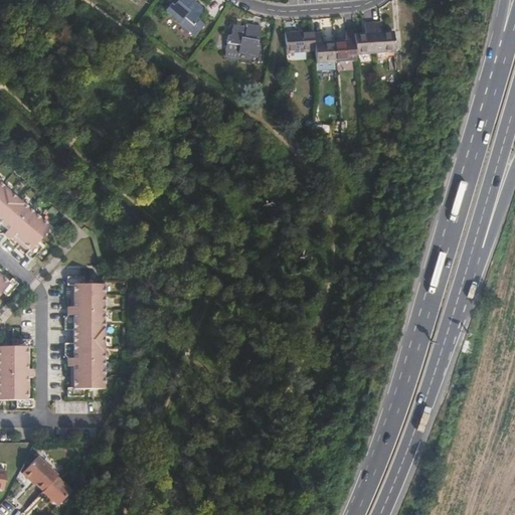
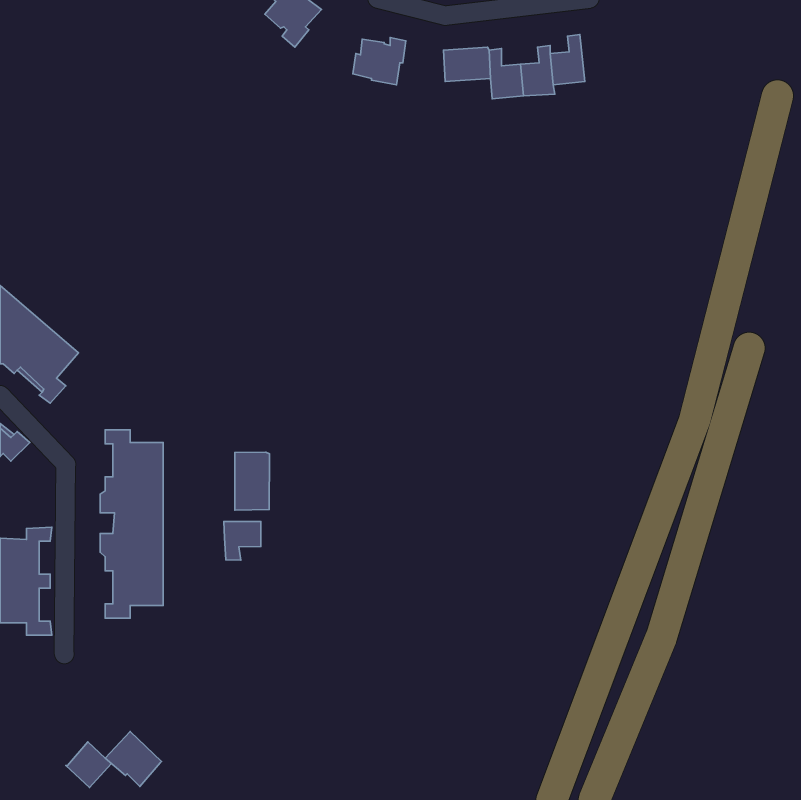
building: [372,21,395,52] -> none
building: none -> [235,452,269,510]
building: none -> [224,522,261,560]
building: [21,456,57,491] -> [105,732,162,786]

